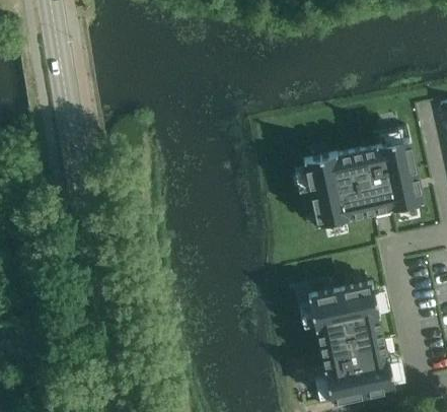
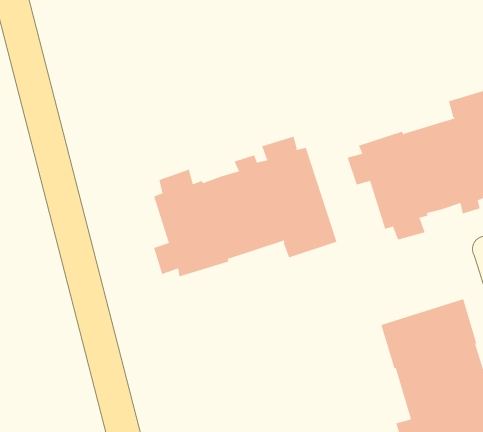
building: none -> [153,136,337,277]

